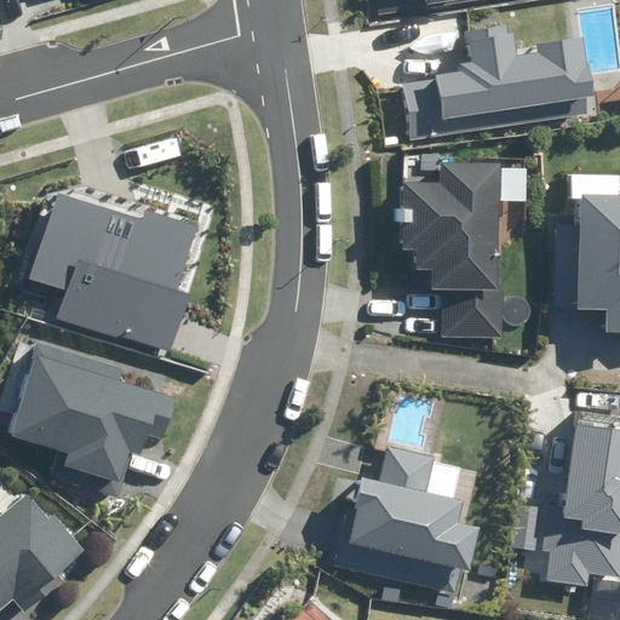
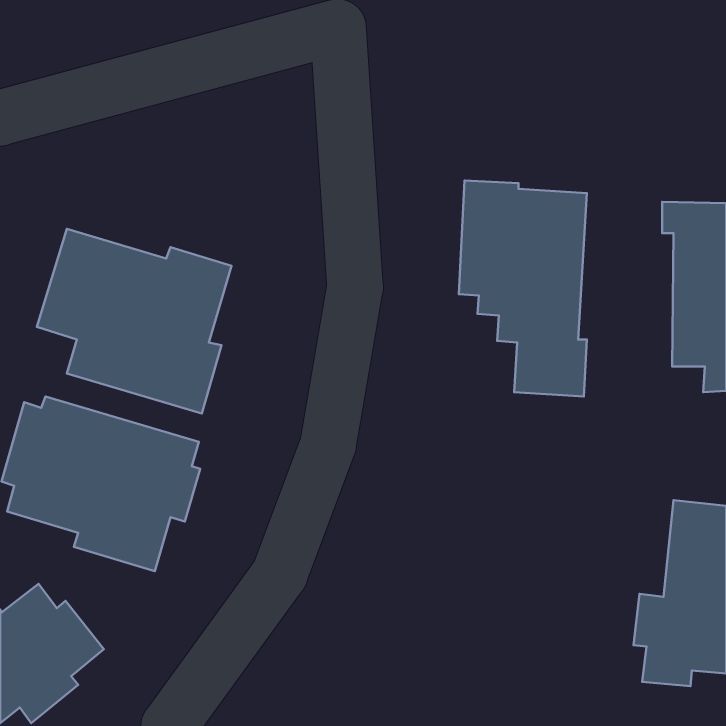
building: [424,36,592,139] -> none
building: [334,442,472,572] -> none

